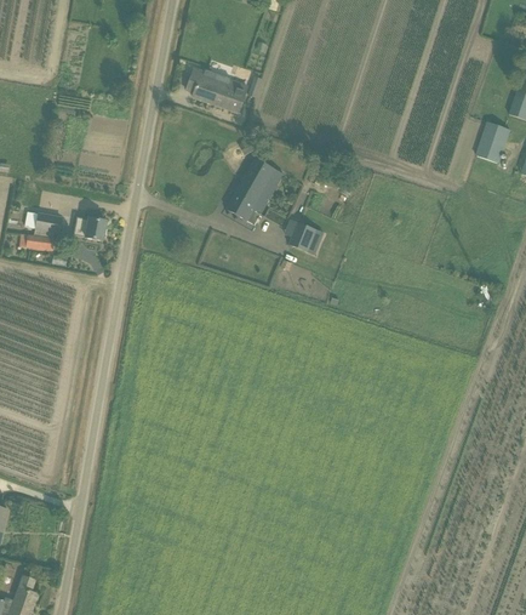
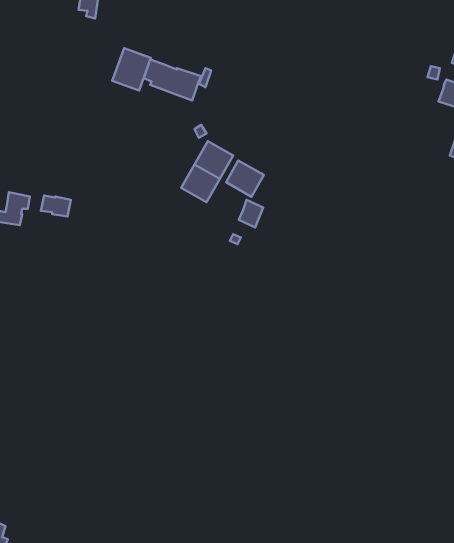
building: none -> [112,48,151,90]
building: [475,120,509,161] -> none
building: none -> [226,160,264,197]

